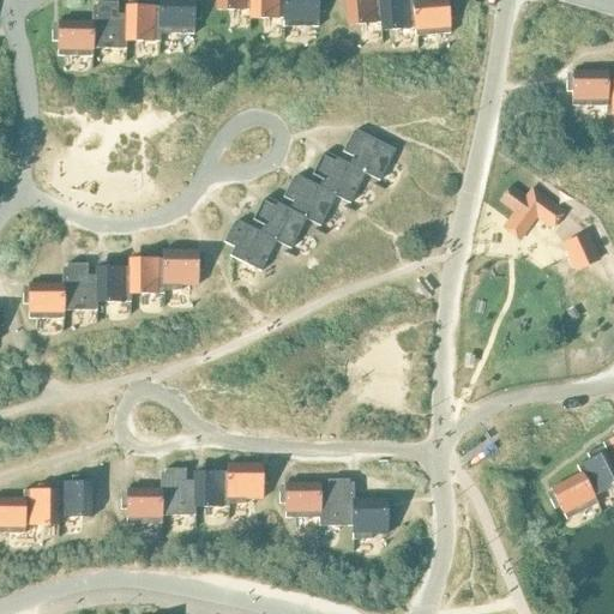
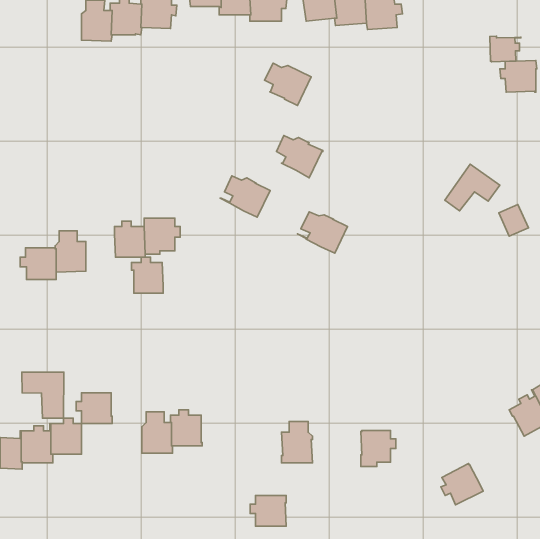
building: [53,18,94,54] -> none
building: none -> [490,36,521,62]
building: [344,131,397,179] -> [265,63,311,106]
building: [281,176,337,223] -> [298,212,347,253]
building: [225,222,277,269] -> none
building: [96,259,132,300] -> [132,257,163,293]
building: none -> [22,372,64,418]
building: [228,462,269,501] -> none
building: [550,470,598,517] -> [441,464,483,505]
building: [281,481,321,516] -> [250,496,286,526]
building: [122,487,163,522] -> [76,393,112,424]
building: [354,496,393,537] -> [361,430,396,466]

